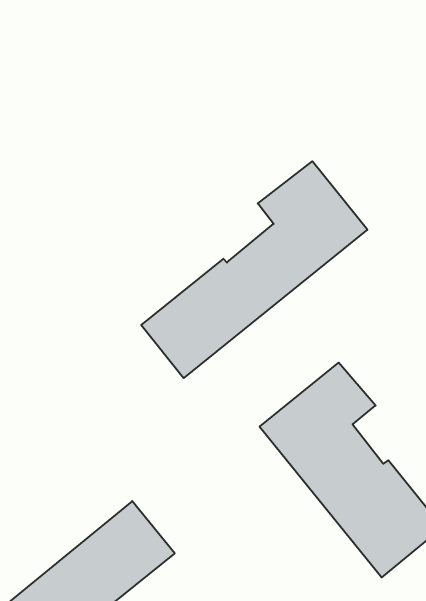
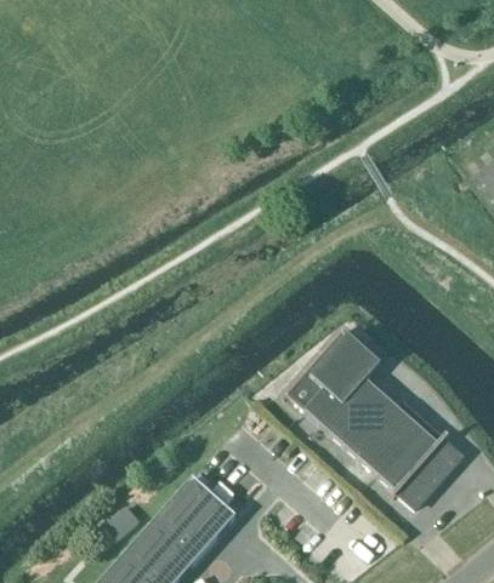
building: [141,161,367,378] -> none

